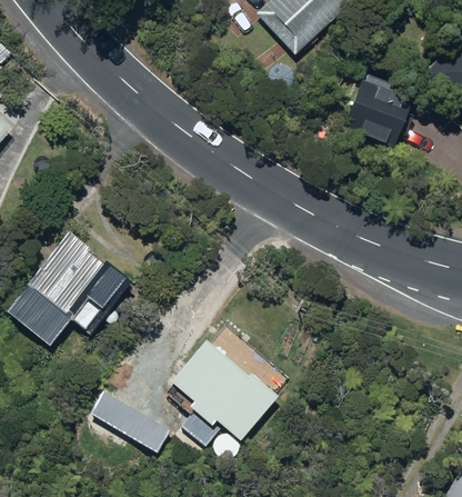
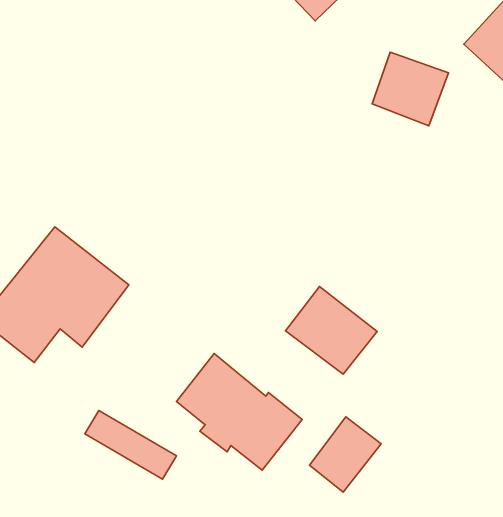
building: none -> [286,287,377,374]
building: none -> [310,417,381,492]

